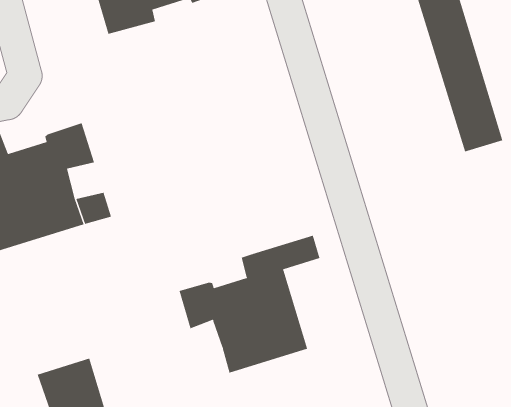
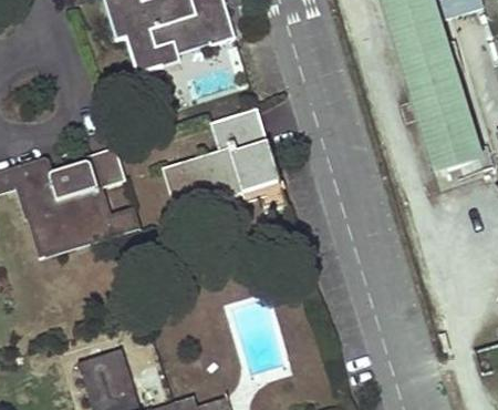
building: none -> [163,106,287,214]
building: [179,235,320,373] -> none

